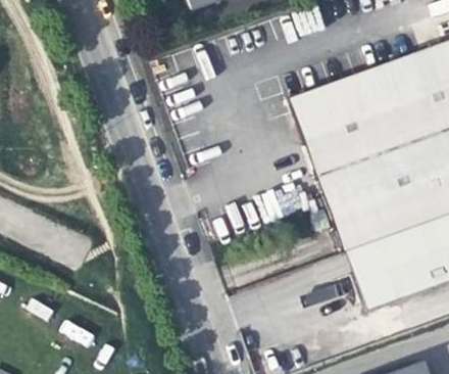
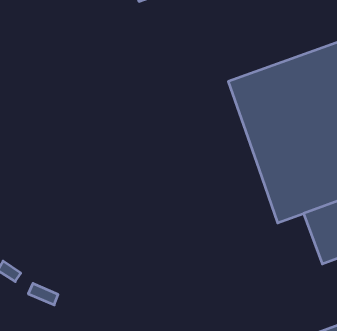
building: [346,242,395,308] -> none

